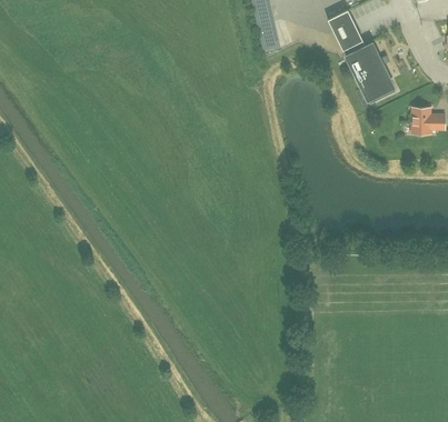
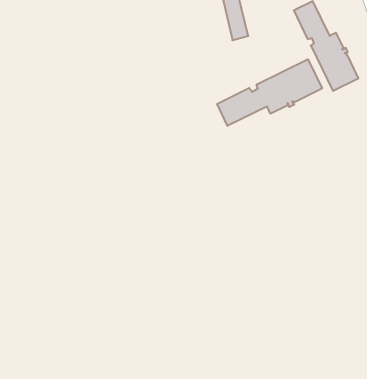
building: none -> [217,59,322,126]

